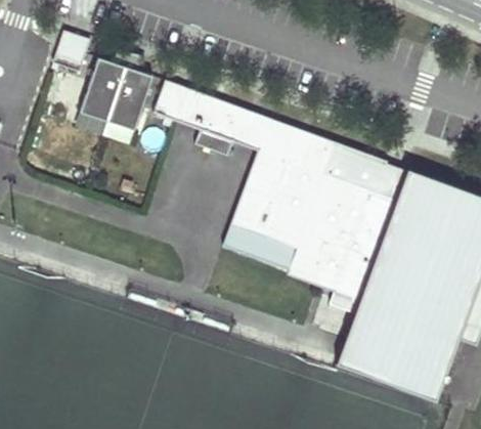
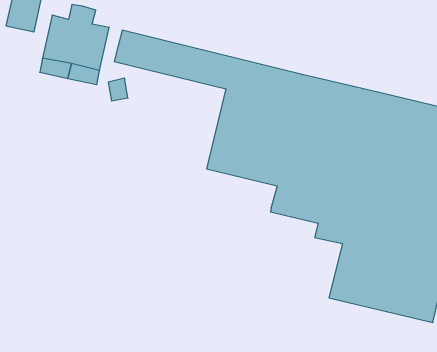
building: [224,224,299,269] -> none

